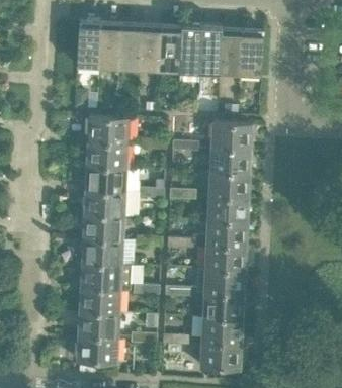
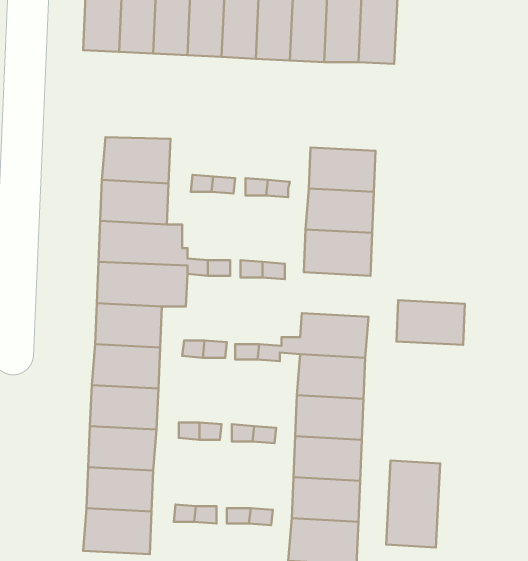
building: [206,197,247,223] -> [397,300,465,345]
building: none -> [386,460,440,548]

